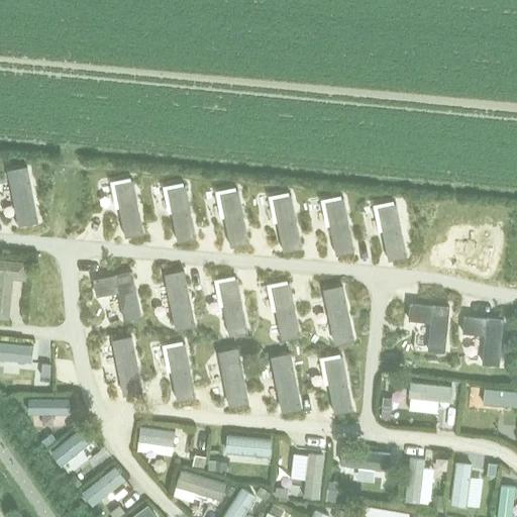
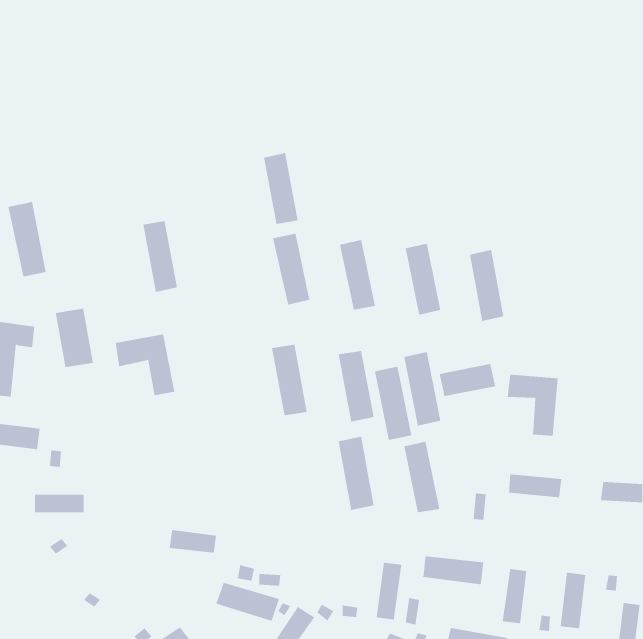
building: [167,186,195,243] -> [263,153,298,224]
building: none -> [55,308,94,368]
building: [164,272,194,330] -> none
building: none -> [439,363,496,397]
building: [460,316,502,367] -> none
building: [111,337,141,396] -> none
building: [166,345,195,403] -> none
building: [218,348,248,408] -> [374,366,412,441]
building: [49,427,93,467] -> none
building: [223,436,270,458] -> none
building: [79,469,122,508] -> none

